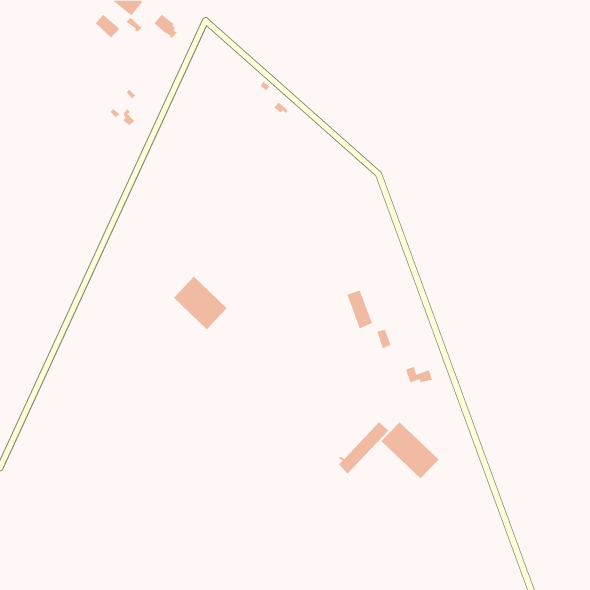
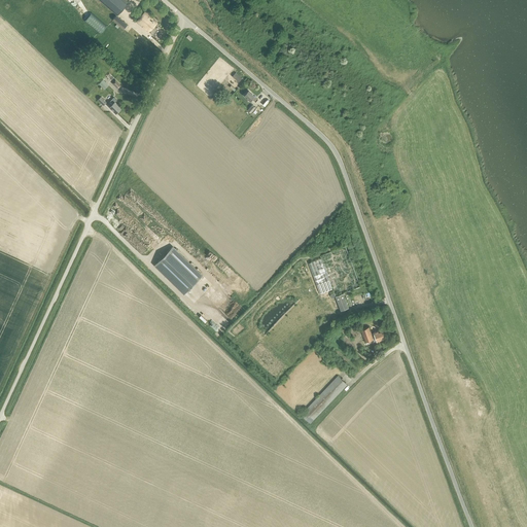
building: [380,422,439,479] -> none

